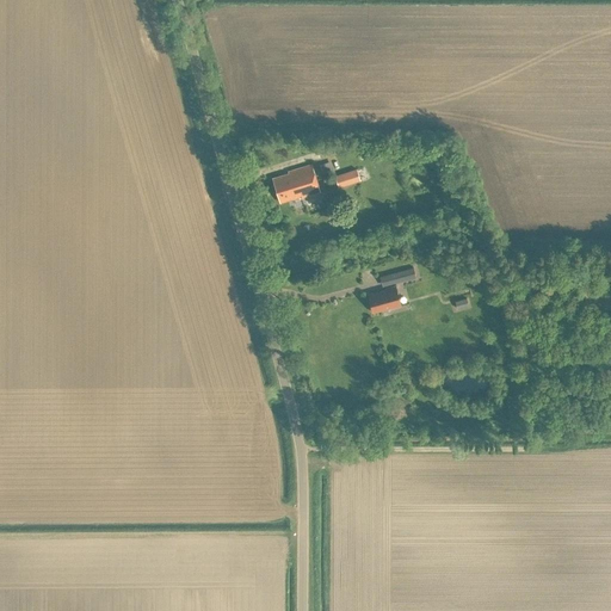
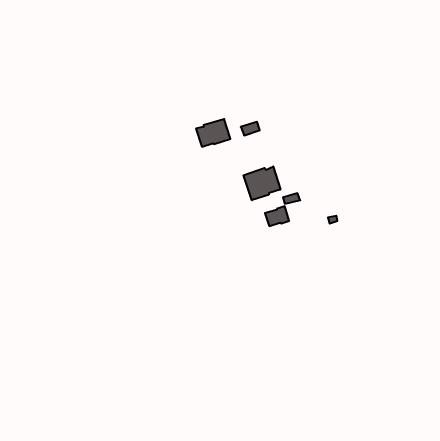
building: none -> [244,166,280,200]

